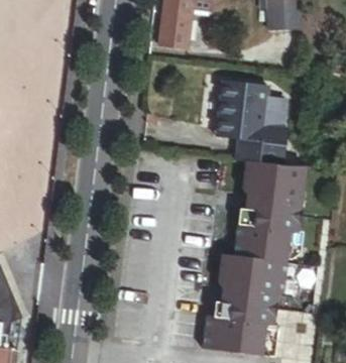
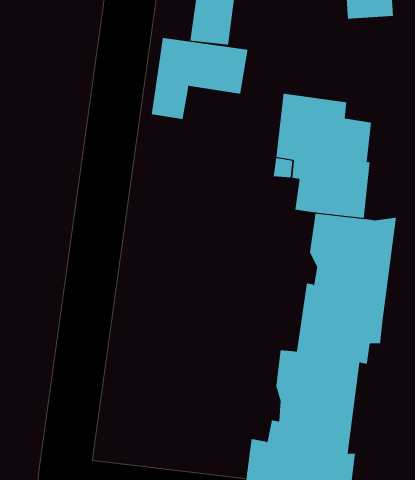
building: none -> [151,37,248,120]

